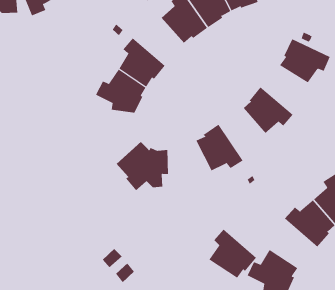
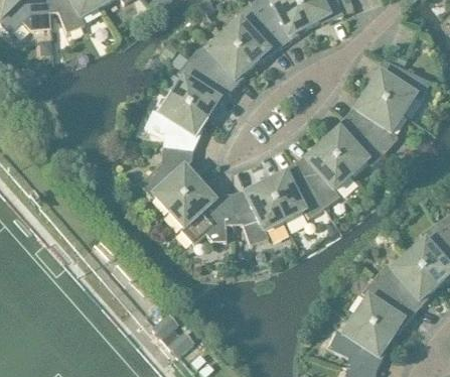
building: none -> [190,33,253,92]
building: none -> [345,91,404,151]
building: none -> [295,143,351,207]
building: none -> [140,145,200,211]
building: none -> [234,182,286,244]
building: [209,229,257,278] -> [356,277,415,338]

